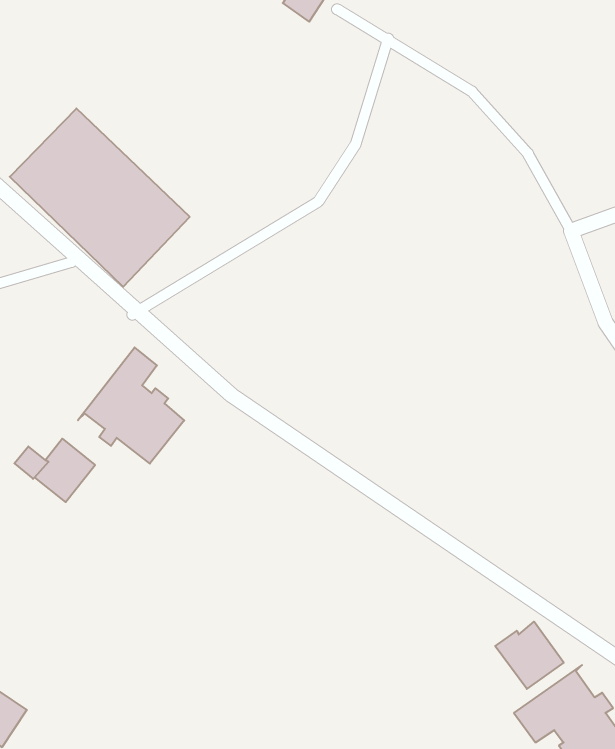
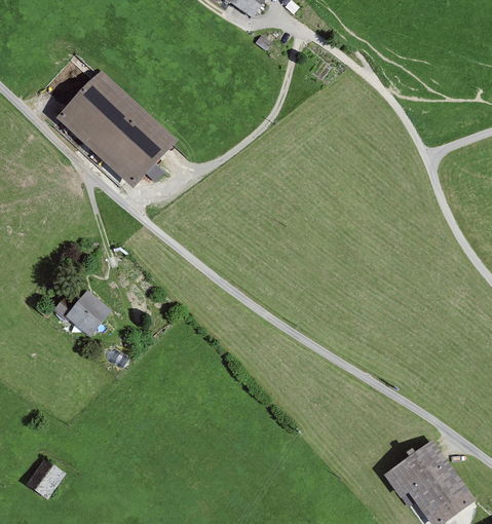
building: [78,347,184,464] -> none
building: [495,622,564,689] -> none

